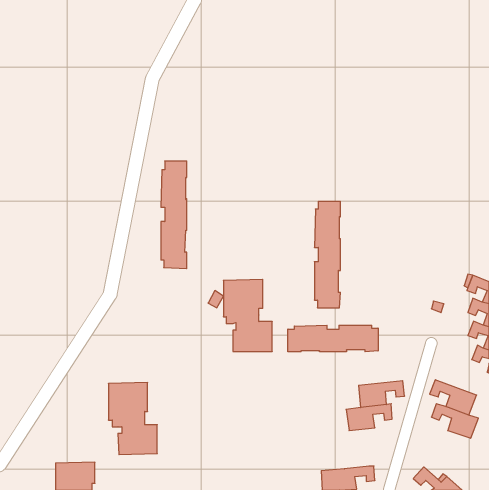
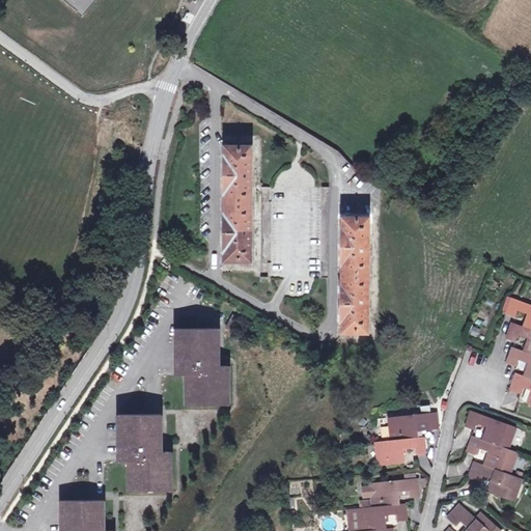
building: [161,161,187,269] -> [223,146,251,262]
building: [223,279,272,351] -> [175,328,228,406]
building: [288,325,378,352] -> none
building: none -> [469,462,521,501]
building: none -> [369,479,419,507]

